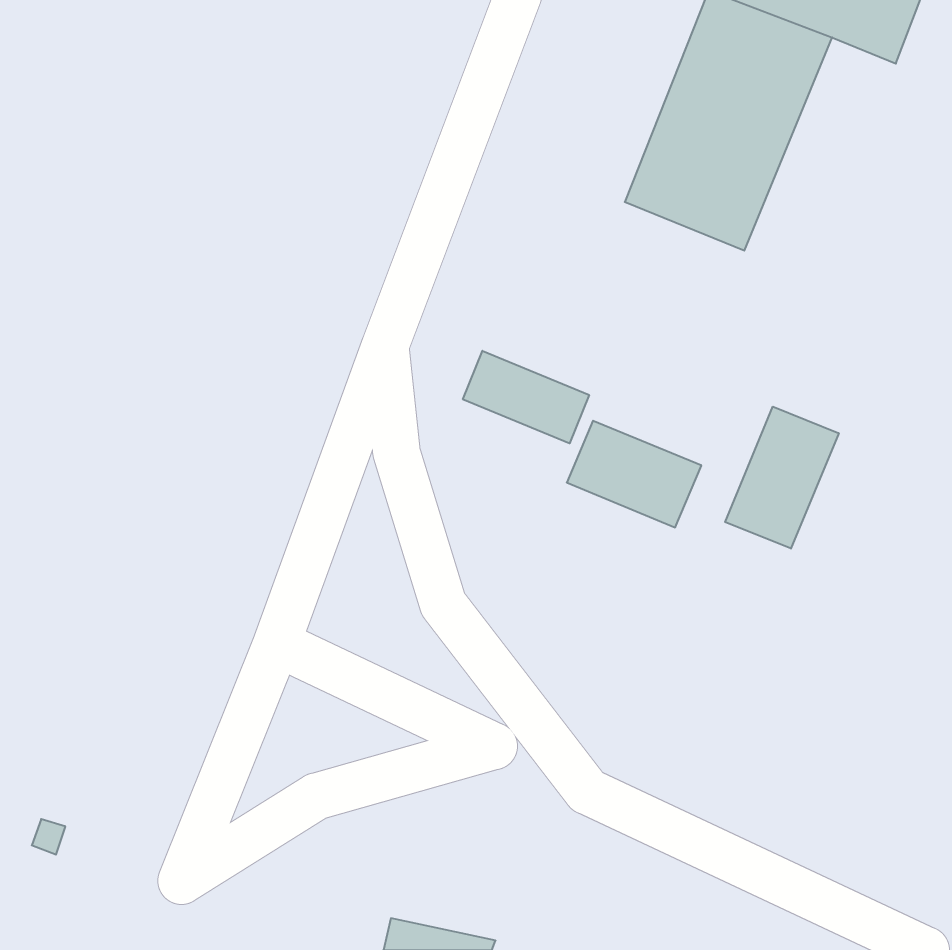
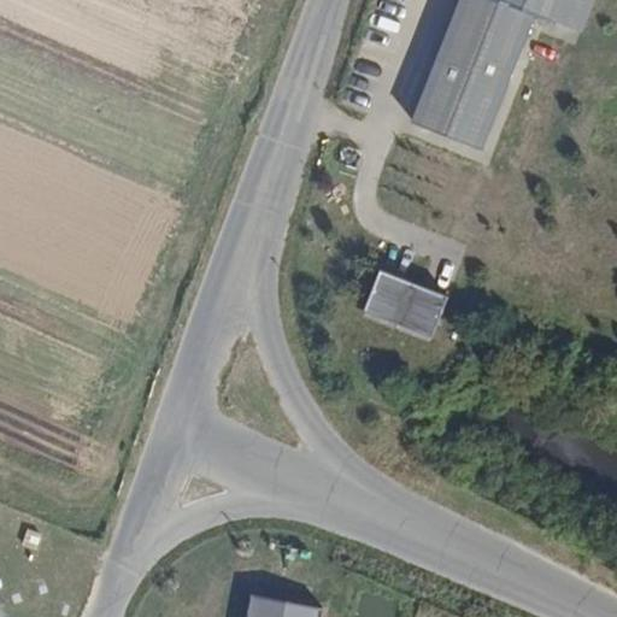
building: [463,351,589,443] -> none
building: [725,407,839,549] -> none

